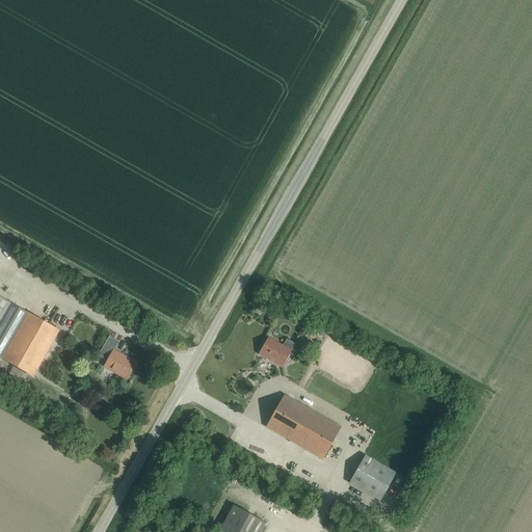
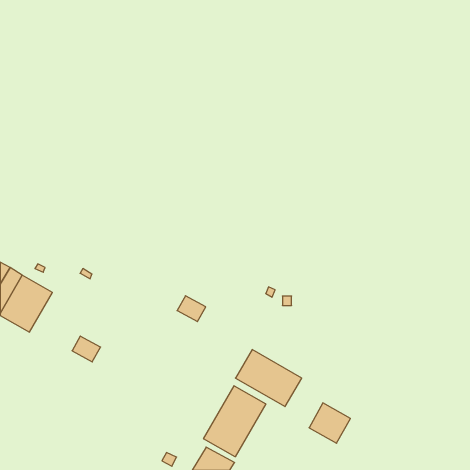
building: [259,338,291,367] -> [177,296,206,322]
building: [104,350,136,379] -> [72,336,101,362]
building: none -> [204,386,266,457]

